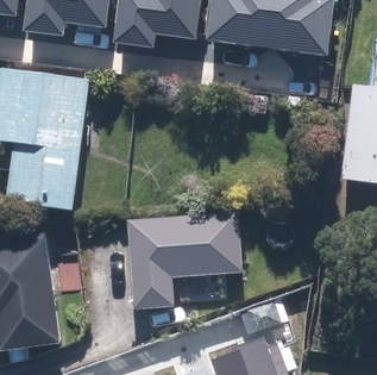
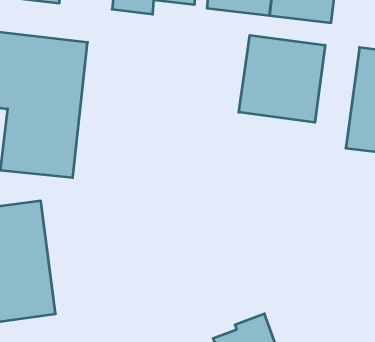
building: none -> [239,35,325,122]
building: [127,210,243,310] -> none

